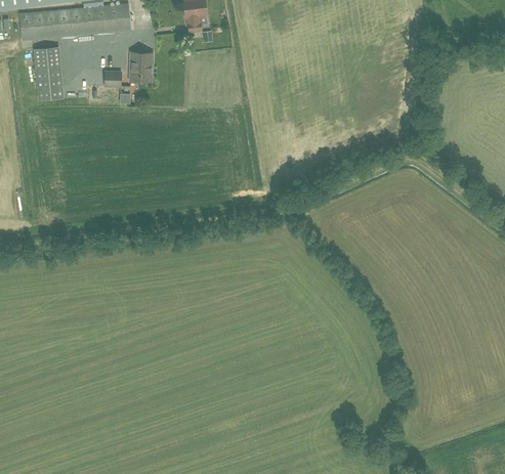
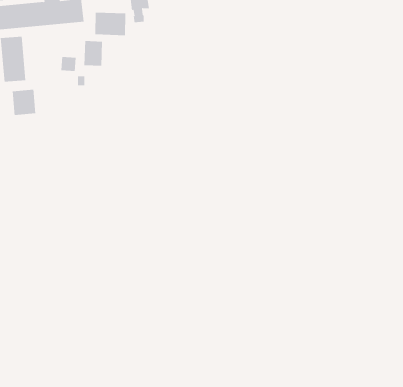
building: none -> [95,12,126,36]
building: none -> [12,89,36,116]

